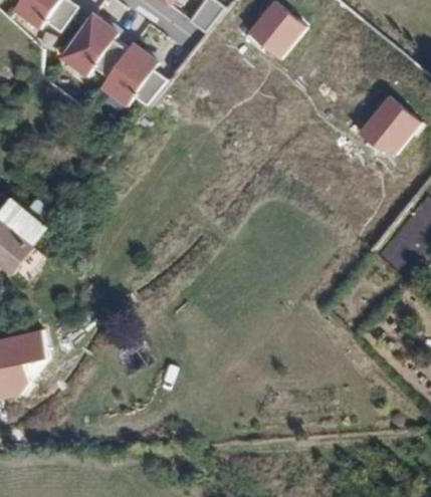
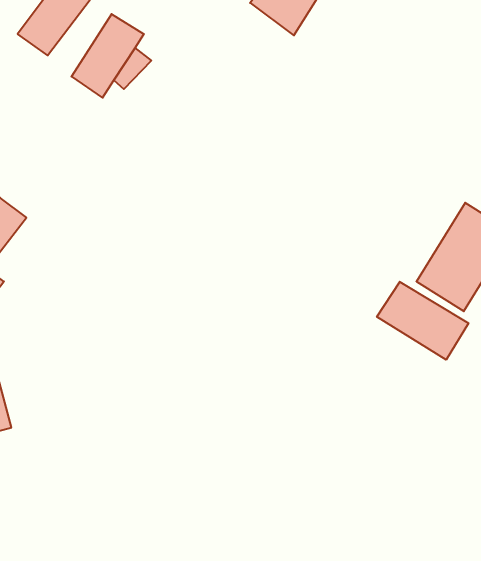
building: [360,97,416,154] -> none
building: none -> [377,282,468,360]

